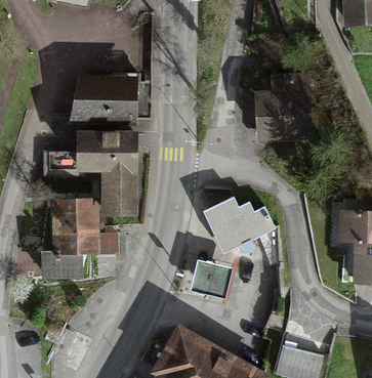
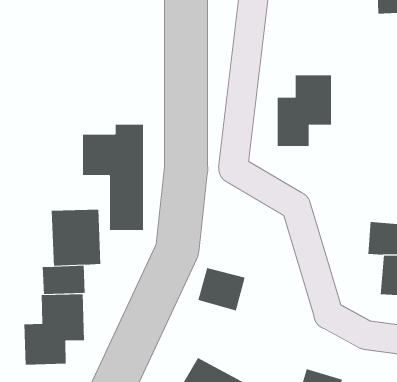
building: [76,78,136,121] -> none
building: [205,199,272,251] -> none
building: none -> [24,293,84,365]

